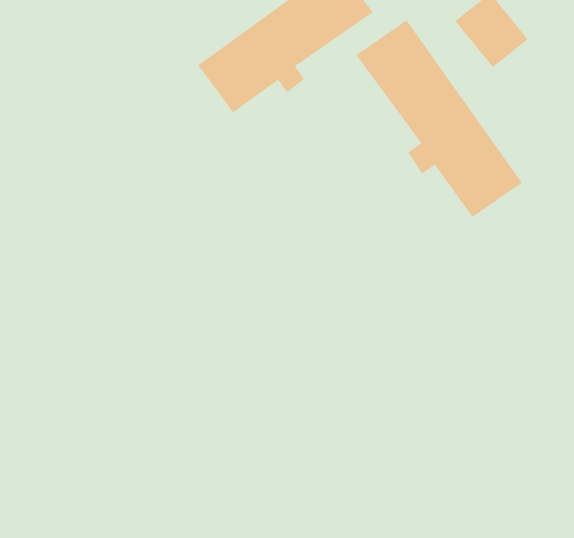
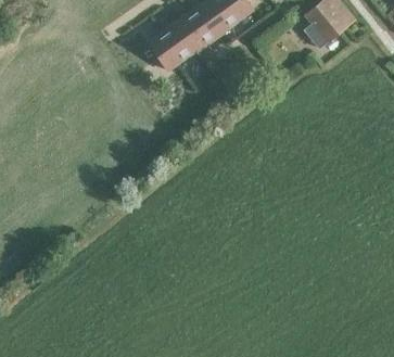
building: [355,19,523,218] -> none

